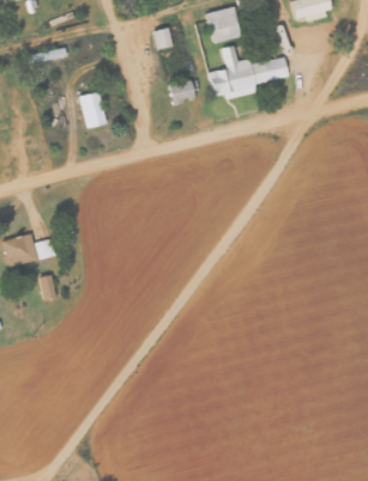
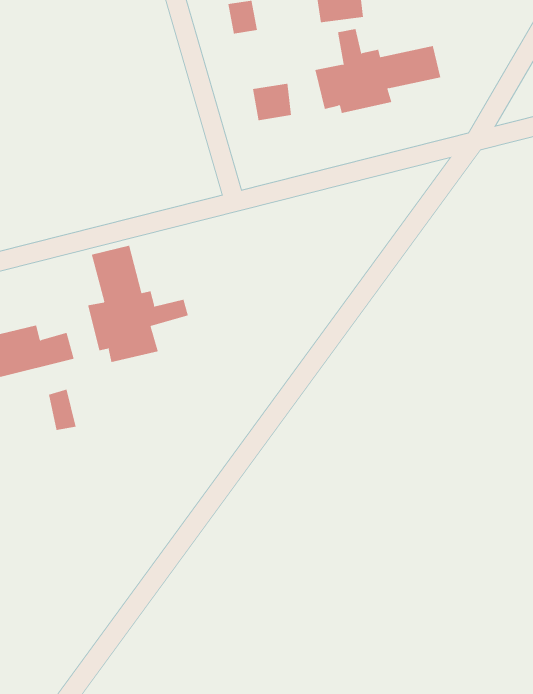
building: [79,91,108,128] -> none
building: none -> [88,245,189,363]

